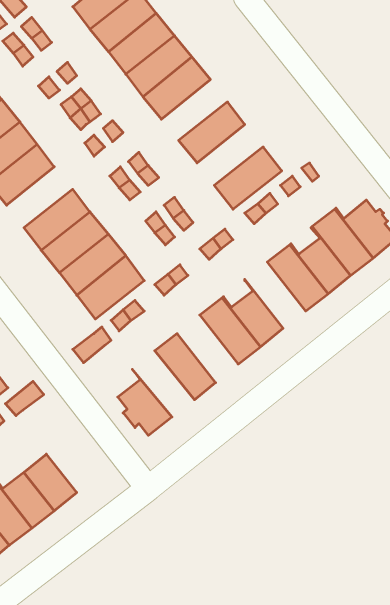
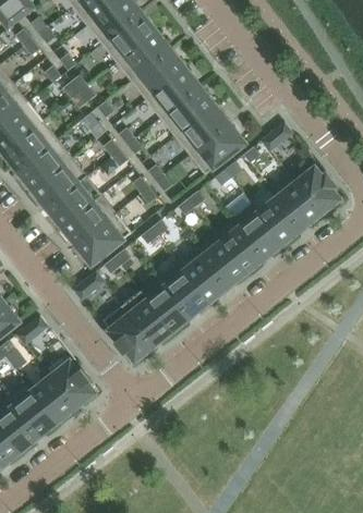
building: none -> [146,69,201,119]
building: none -> [176,106,230,156]
building: none -> [19,141,73,191]
building: none -> [215,219,265,273]
building: none -> [159,262,209,318]
building: none -> [122,292,173,346]
building: none -> [51,362,96,408]

